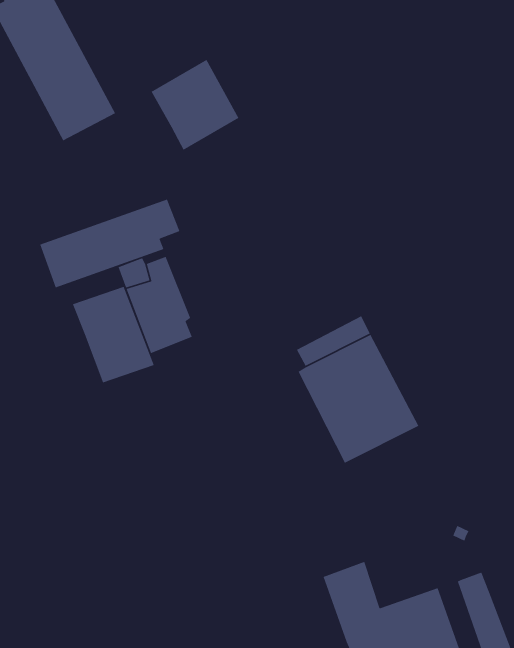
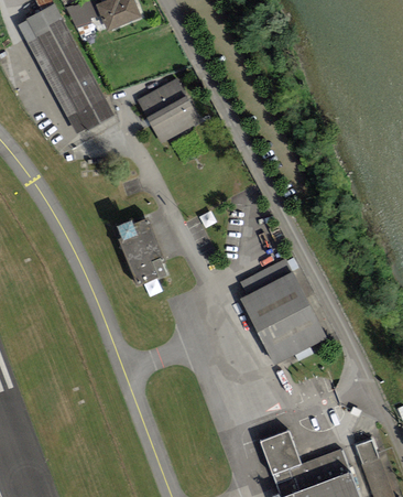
building: [39,198,180,289] -> none
building: [72,286,155,383] -> none

